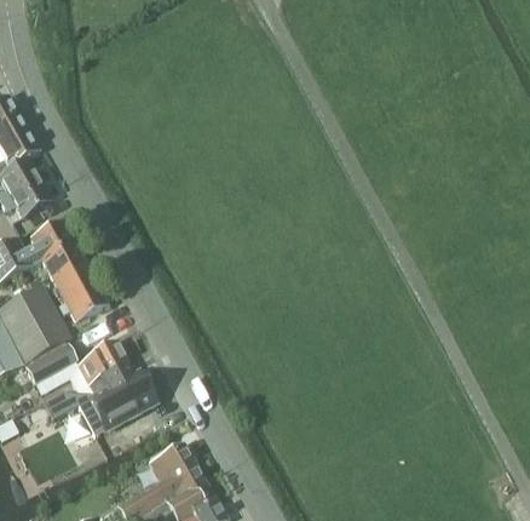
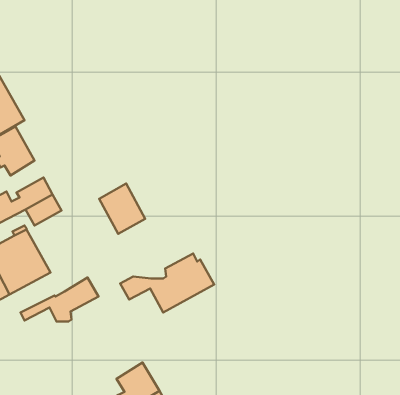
building: [52,259,108,320] -> [99,184,145,234]
building: [25,343,77,384] -> none
building: [41,363,155,435] -> [120,253,214,312]

